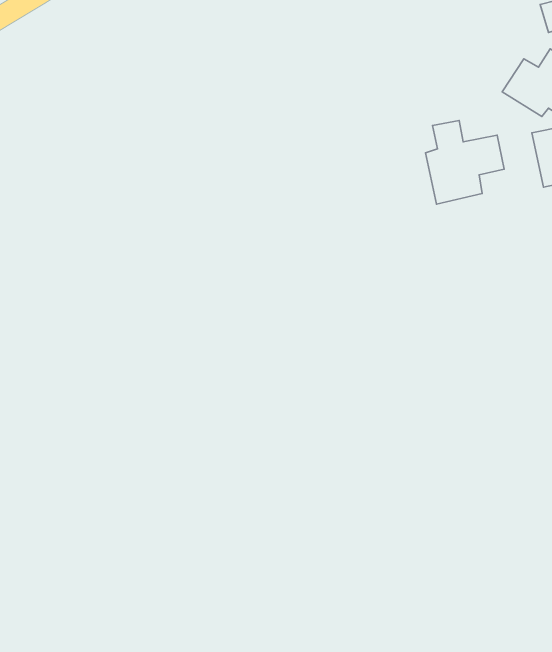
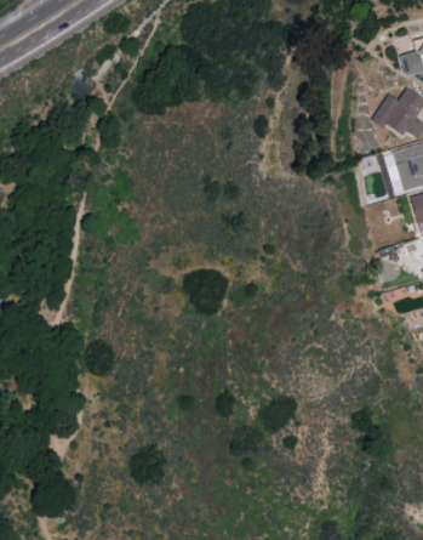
building: [426,120,504,204] -> none

